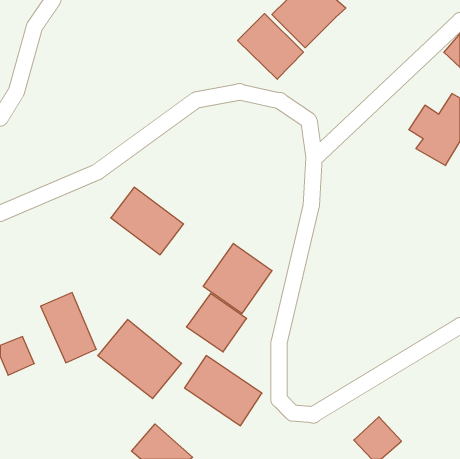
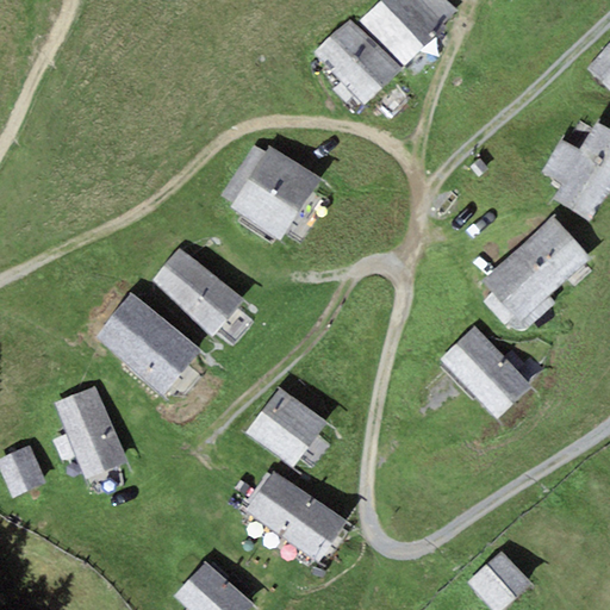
building: none -> [231,147,320,241]
building: none -> [483,217,590,320]
building: [203,243,272,314] -> none
building: none -> [438,325,531,419]
building: [98,319,182,399] -> [92,292,203,397]

